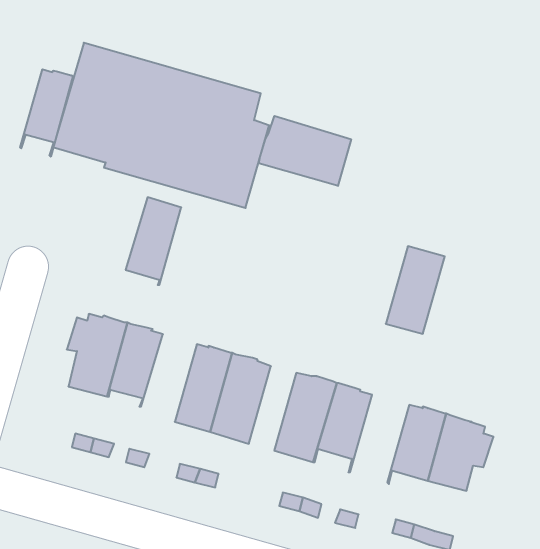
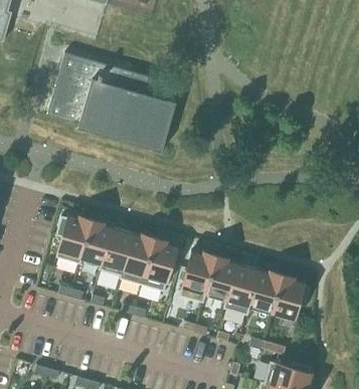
building: [20,69,73,157] -> none
building: [259,116,351,186] -> none
building: [126,197,181,285] -> [100,226,133,278]
building: [386,246,445,334] -> [224,262,259,315]

